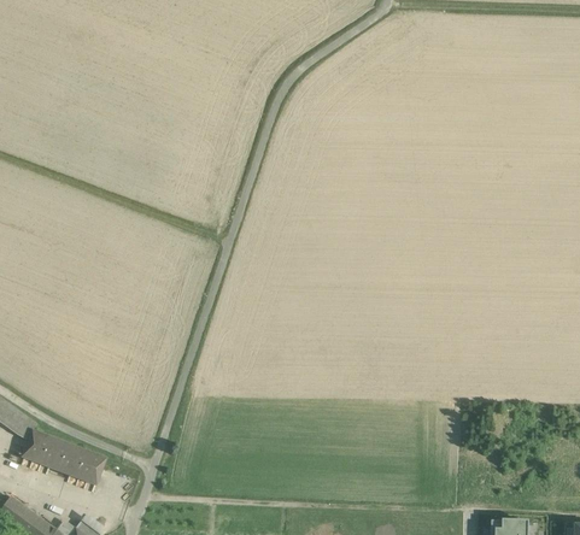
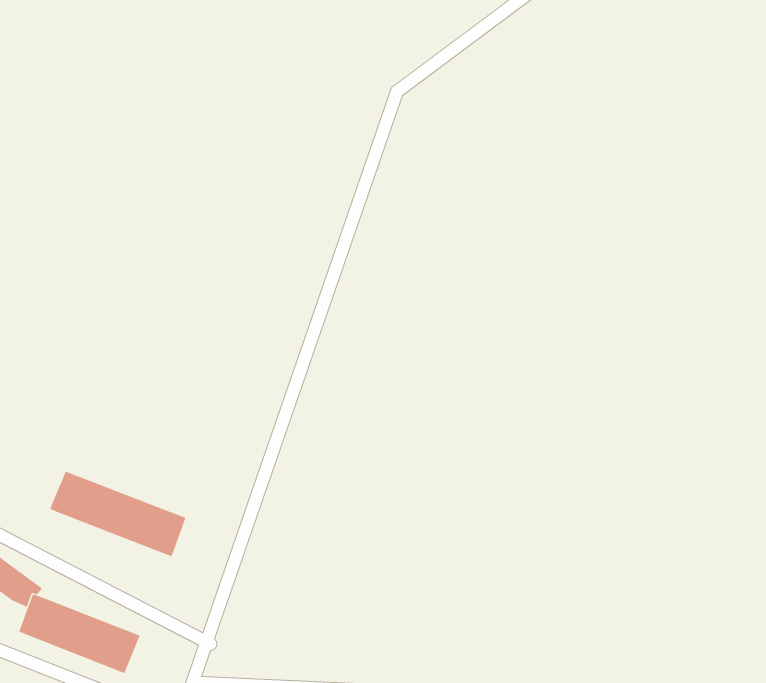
building: none -> [50,471,186,557]

